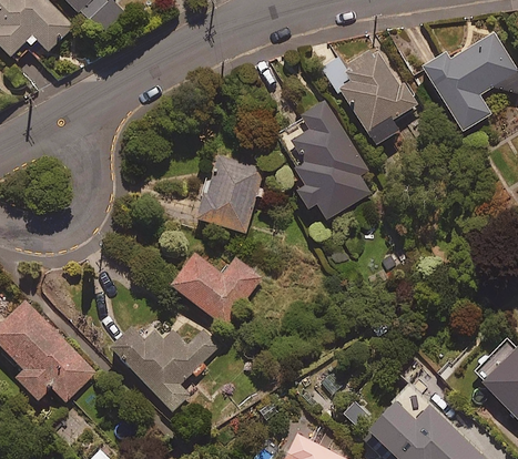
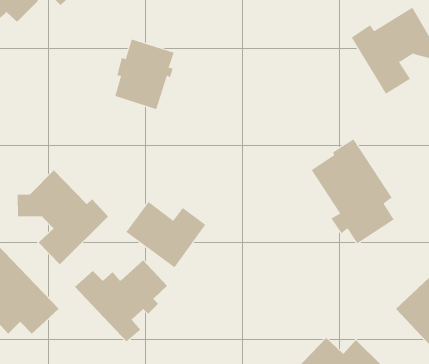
building: [339,48,413,144] -> none
building: [275,101,369,220] -> [311,138,394,244]
building: [196,153,264,233] -> [114,39,174,110]
building: none -> [17,169,109,265]

